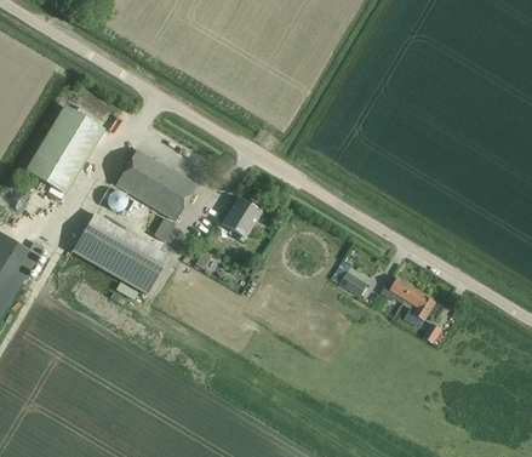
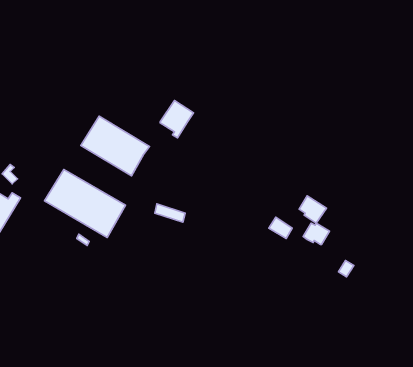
building: [27,105,103,193] -> none
building: [222,196,262,241] -> [160,101,194,138]
building: [404,287,436,320] -> [299,196,326,223]

